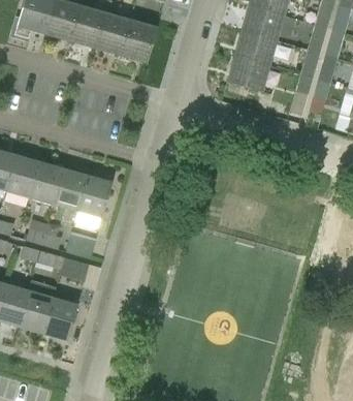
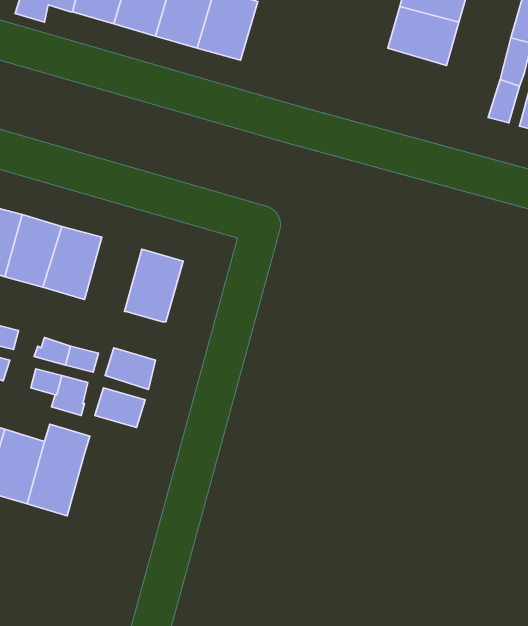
building: [226,55,268,91] -> none
building: [53,167,87,212] -> none
building: [42,297,76,340] -> none

